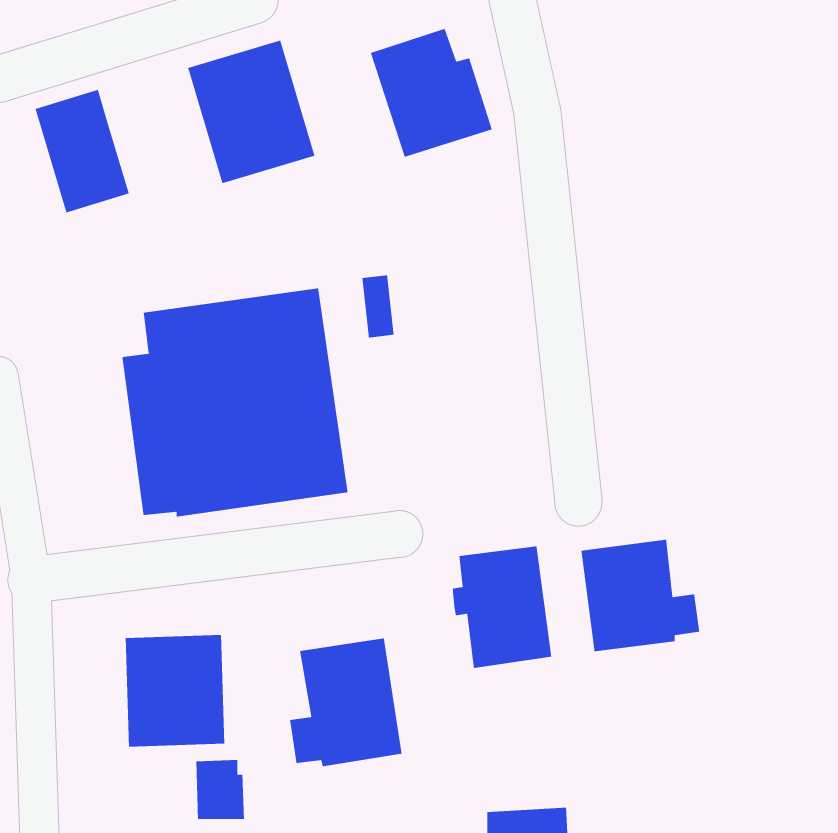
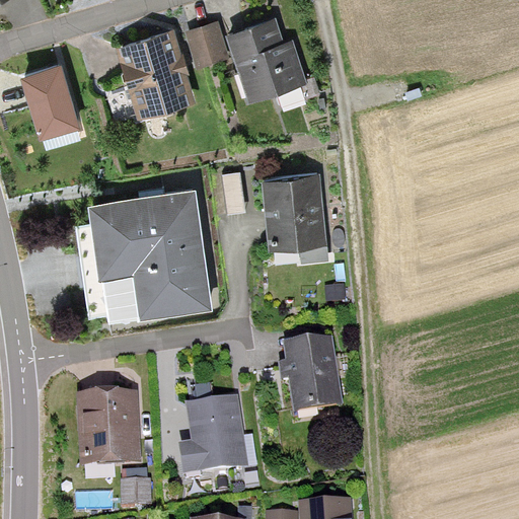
building: none -> [186,22,229,67]
building: none -> [263,173,328,265]
building: [580,539,700,652] -> none

